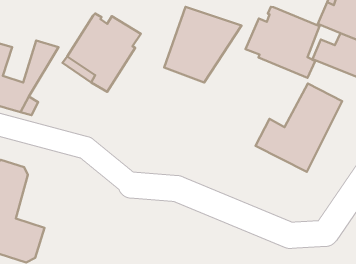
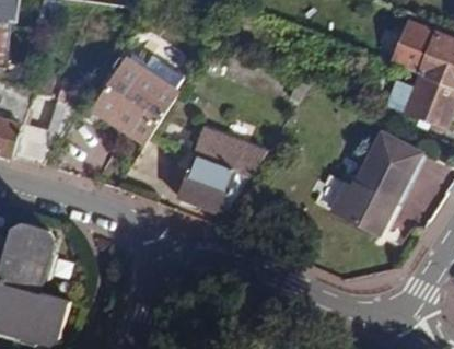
building: [245,7,320,78] -> none
building: [164,7,241,82] -> [178,128,269,217]

